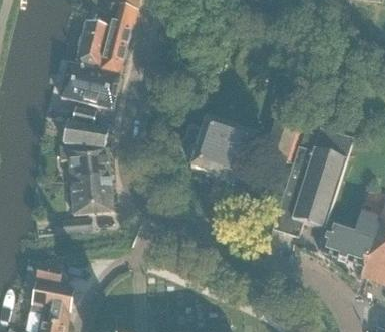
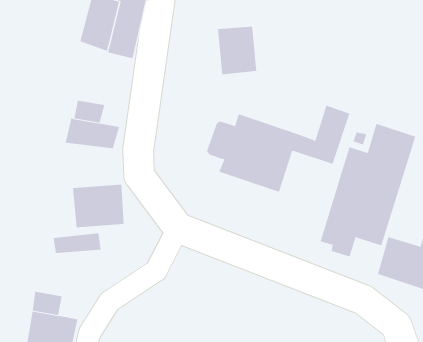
building: none -> [217,26,257,75]
building: [61,61,121,107] -> none
building: [68,144,112,179] -> none

